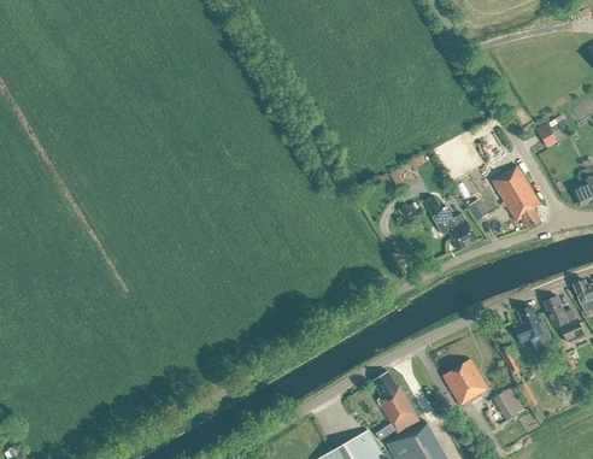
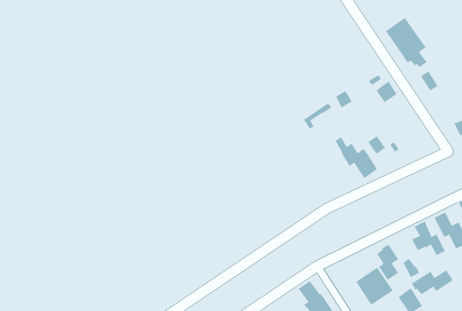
building: [491,165,540,228] -> [385,17,427,68]
building: none -> [376,244,399,281]
building: none -> [411,270,454,295]

